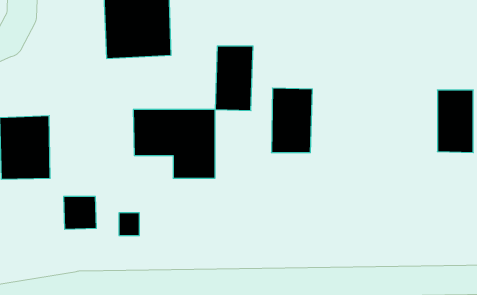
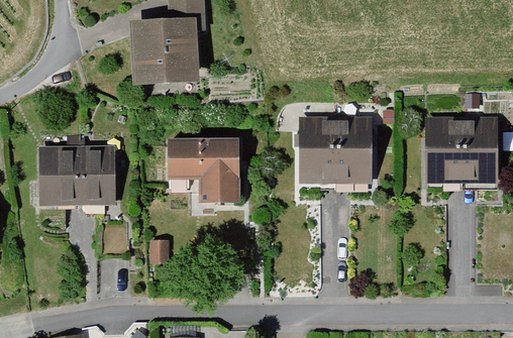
building: [215,46,253,111] -> [337,119,375,183]
building: none -> [424,119,463,181]
building: none -> [80,145,123,207]

